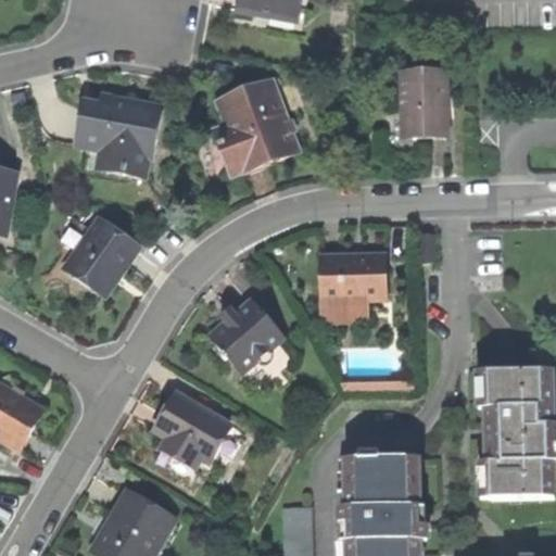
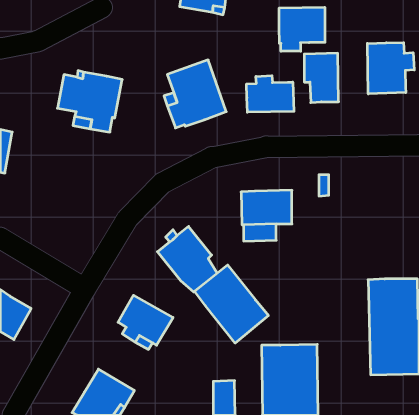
building: none -> [279,7,325,51]
building: none -> [367,43,414,94]
building: none -> [247,76,294,112]
building: [53,217,140,302] -> none
building: none -> [195,265,268,343]

